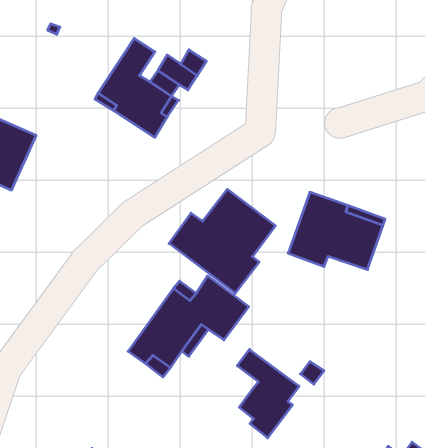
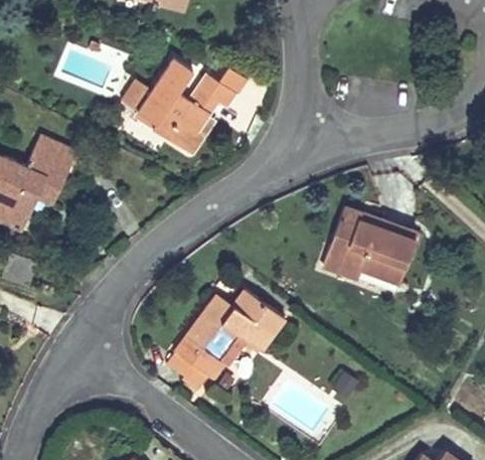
building: [169,189,275,293] -> none
building: [237,349,299,438] -> none

